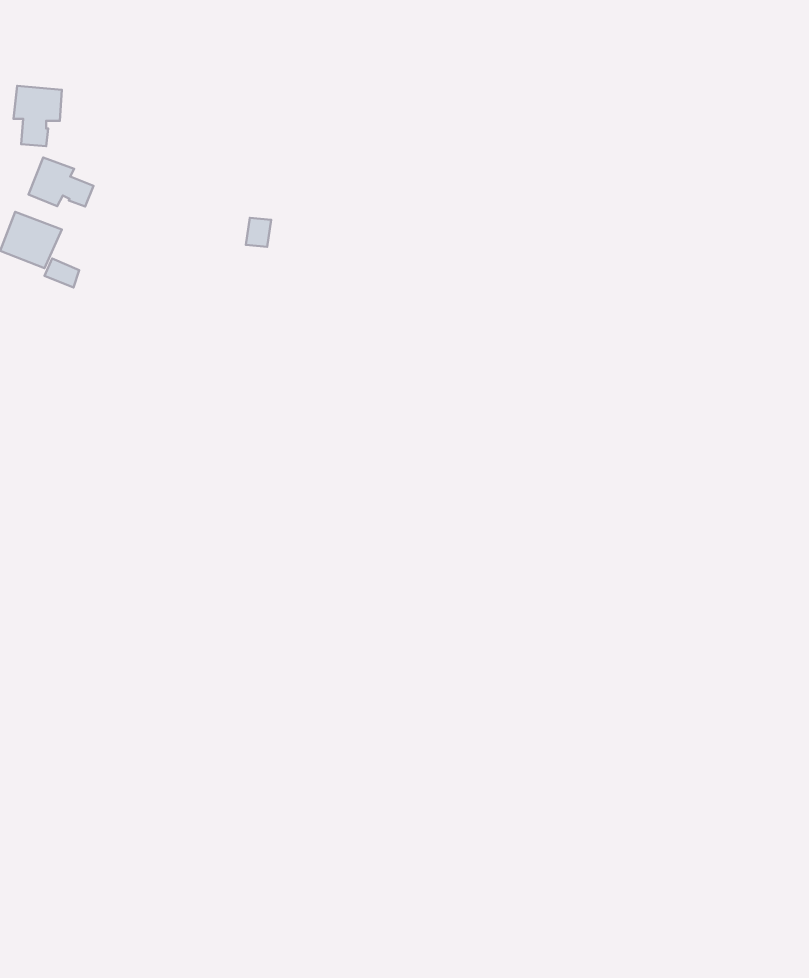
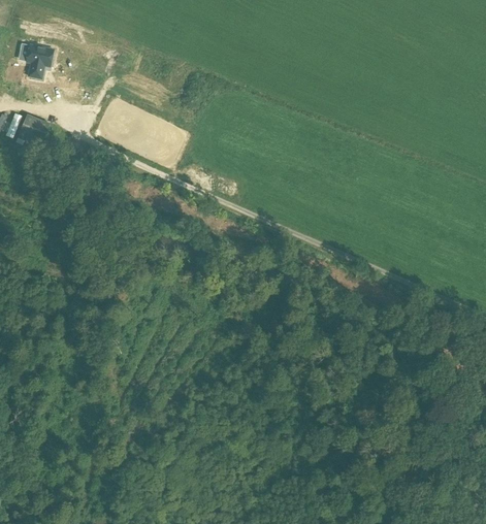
building: [29,157,94,207] -> none

